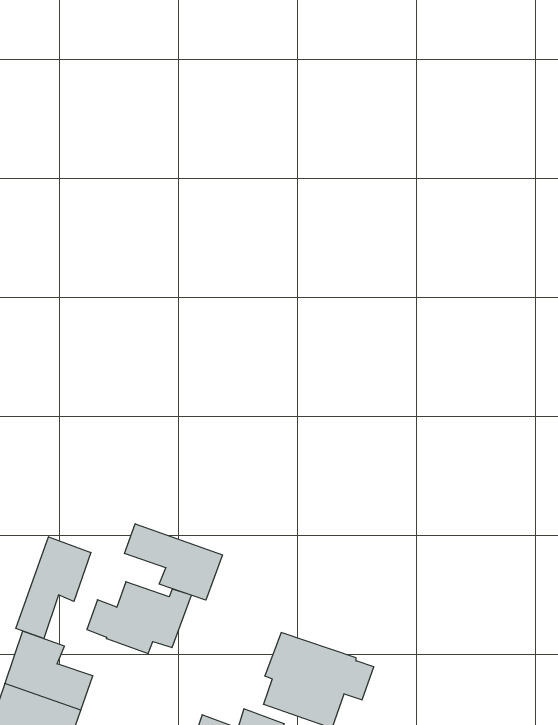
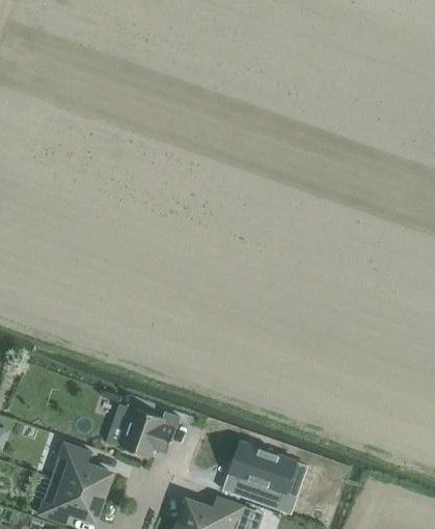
building: [124,524,223,600] -> none
building: [16,537,91,639] -> none

